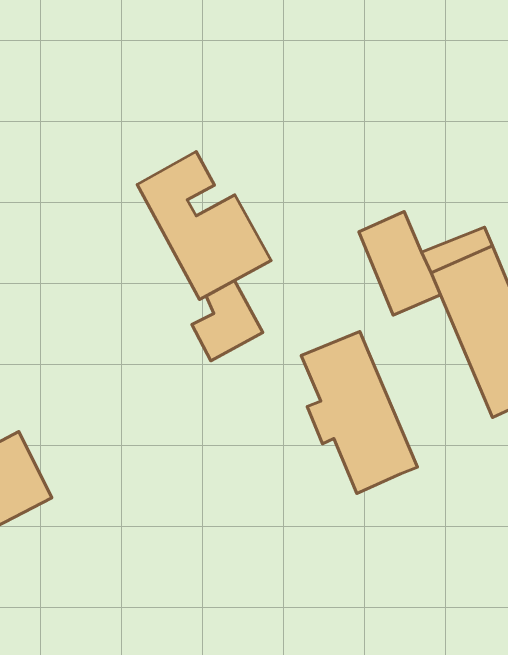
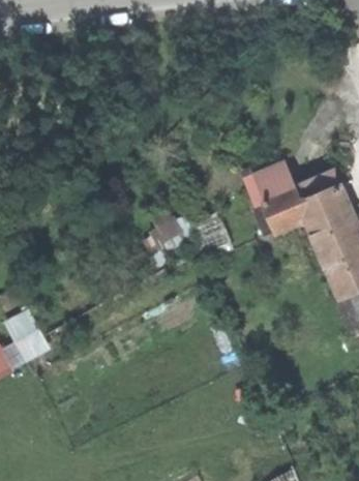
building: [137,151,271,299] -> none
building: [301,331,417,493] -> none

